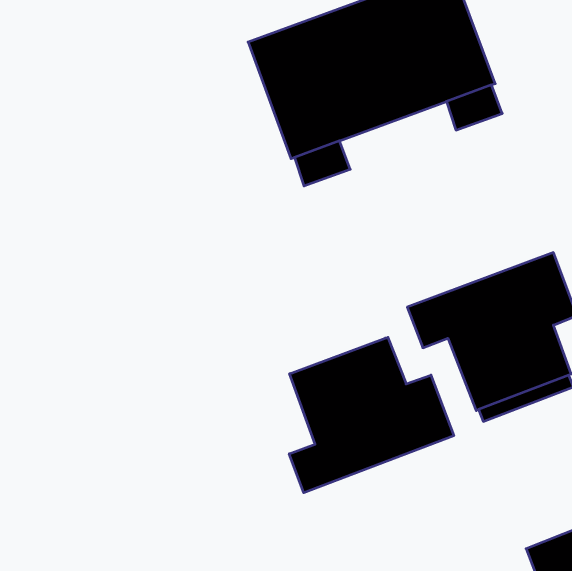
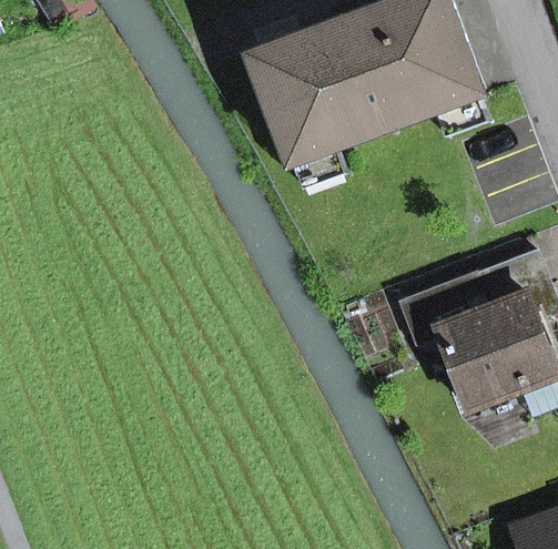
building: [289,337,454,493] -> none

